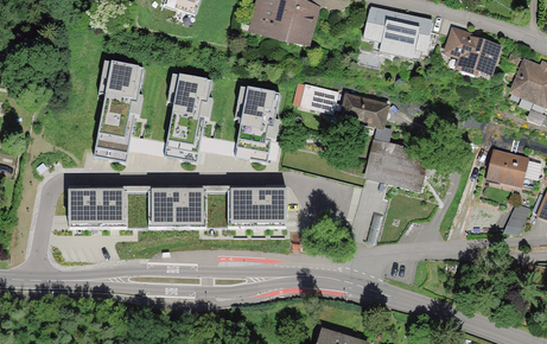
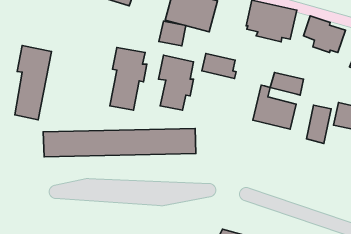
building: none -> [159,21,186,46]
building: [96,57,148,163] -> [15,46,51,120]
building: [343,94,390,126] -> [270,73,304,95]
building: none -> [306,105,331,144]

